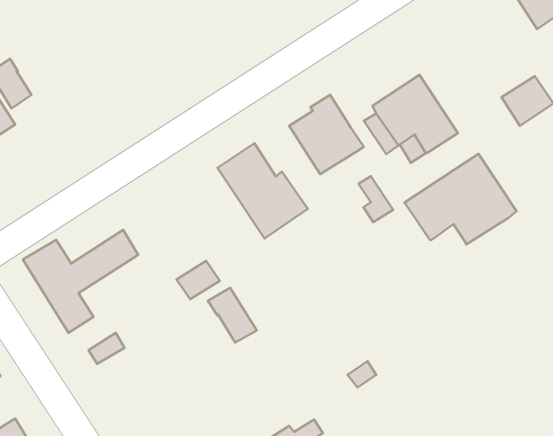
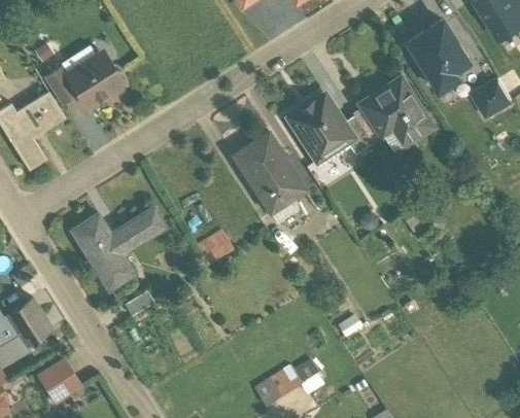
building: none -> [409,21,470,91]
building: none -> [66,51,123,105]
building: [404,154,517,244] -> none
building: [358,176,393,222] -> [344,115,373,153]
building: [208,288,257,343] -> none

